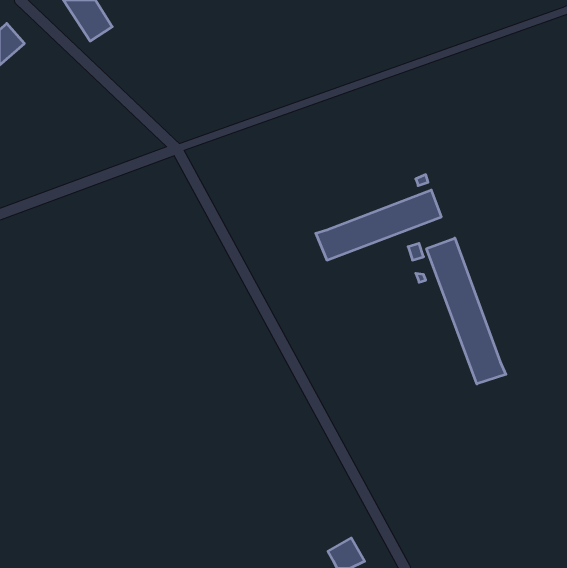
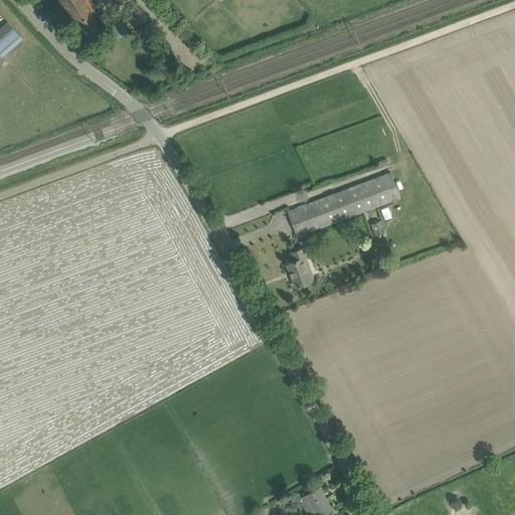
building: [427,238,506,384] -> none
building: none -> [286,248,313,287]

